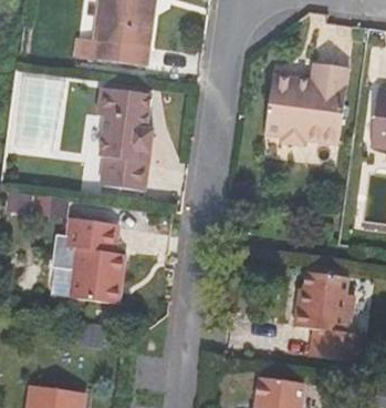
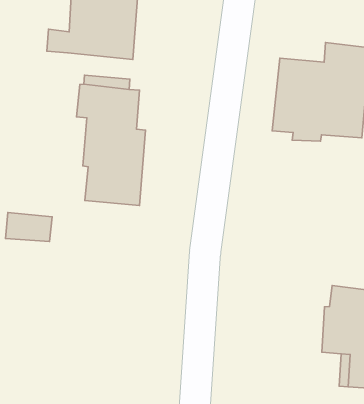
building: [50,216,126,305] -> none

